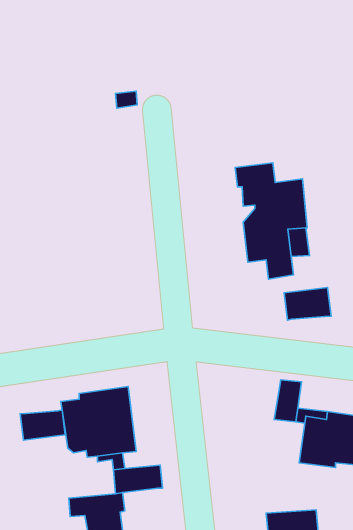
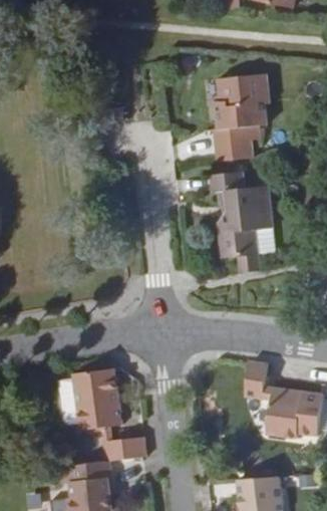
building: none -> [213,73,270,161]
building: [284,288,331,320] -> none
building: [20,410,65,440] -> none

